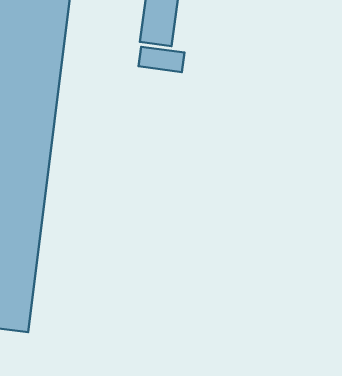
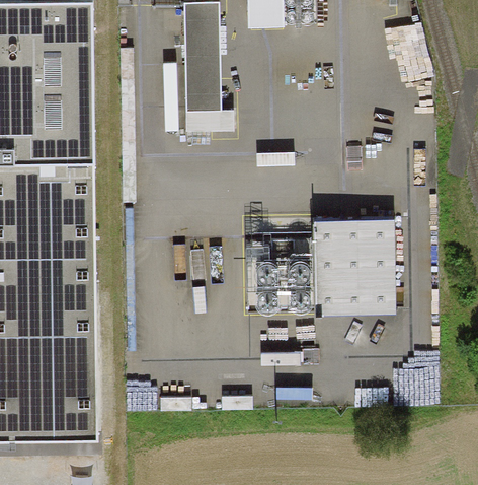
building: none -> [242,228,383,316]

